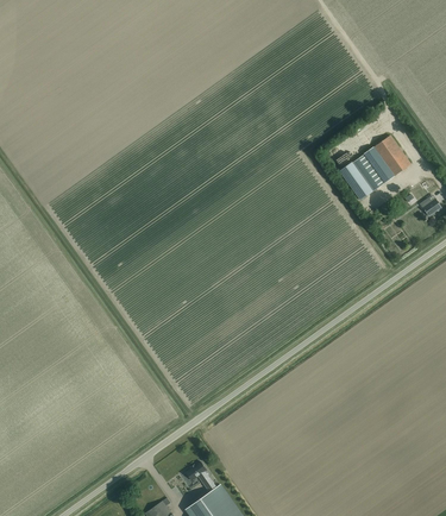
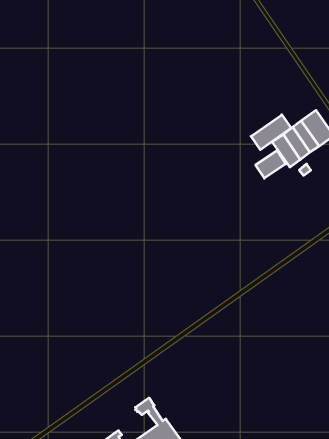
building: none -> [251,115,291,150]
building: none -> [256,151,286,178]

